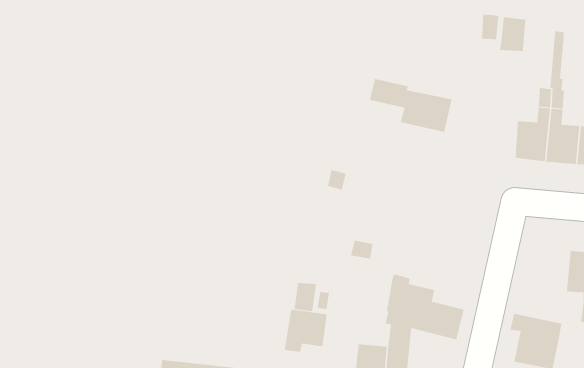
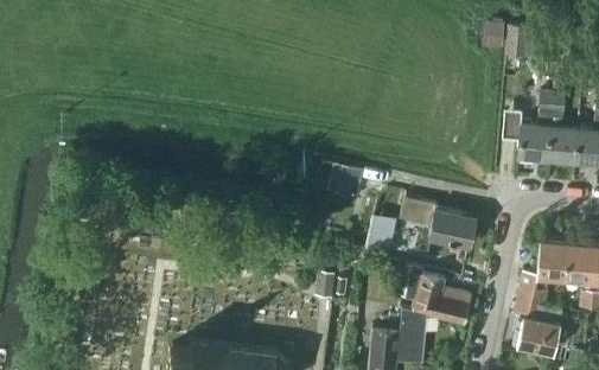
building: [369,78,453,132] -> [400,199,477,249]
building: none -> [517,241,569,307]
building: [284,309,327,352] -> none

